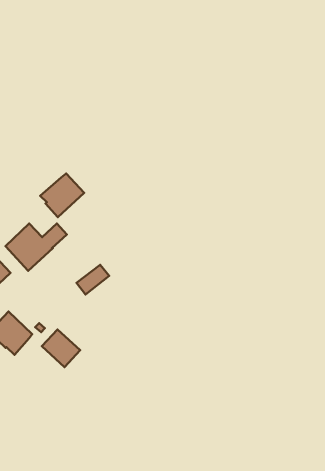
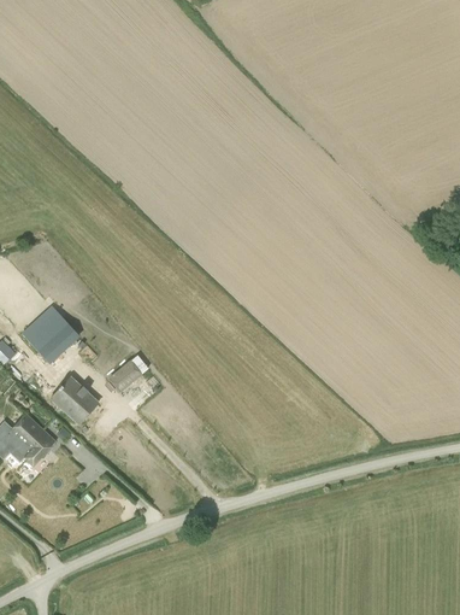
building: [40,174,84,217] -> none
building: [42,329,80,367] -> [51,376,98,422]

